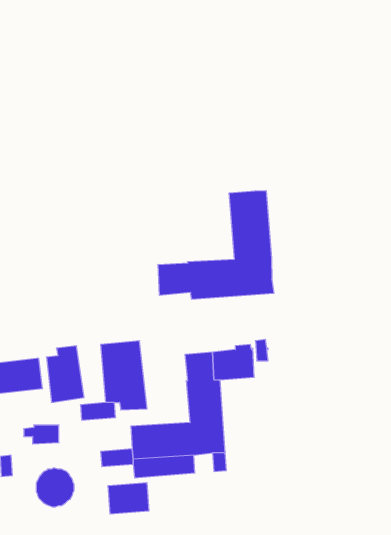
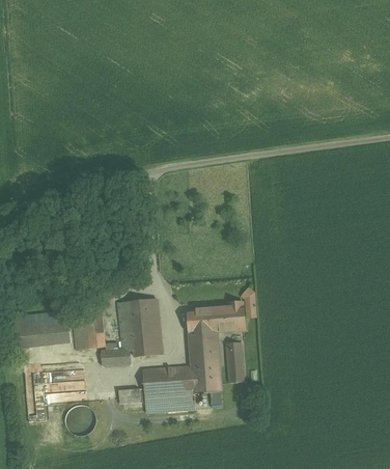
building: [158,191,274,299] -> none
building: none -> [226,342,245,383]
building: [108,483,149,514] -> none

